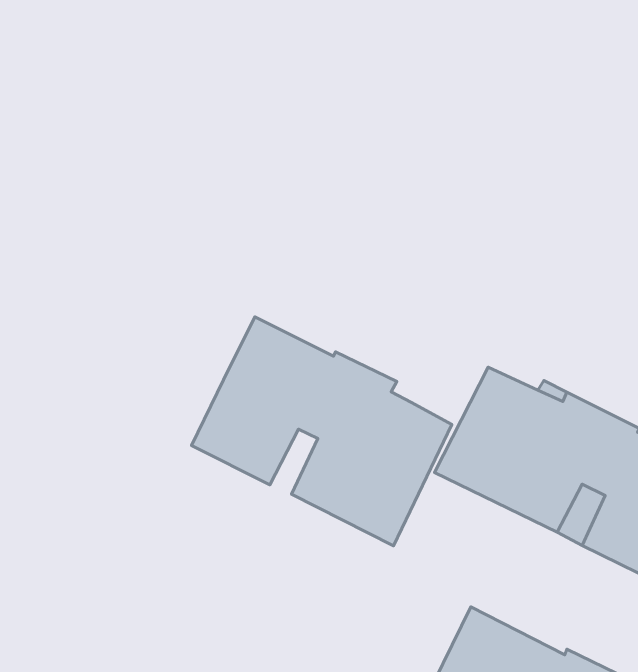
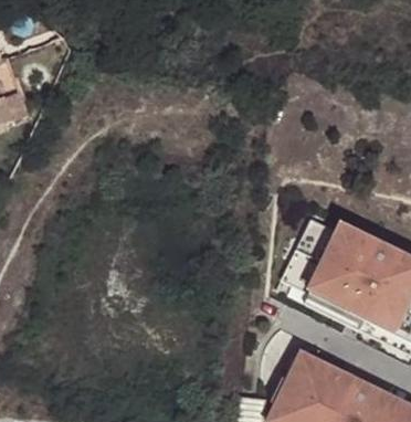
building: [191,317,452,546] -> none

